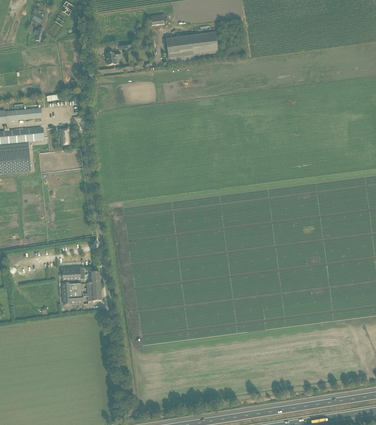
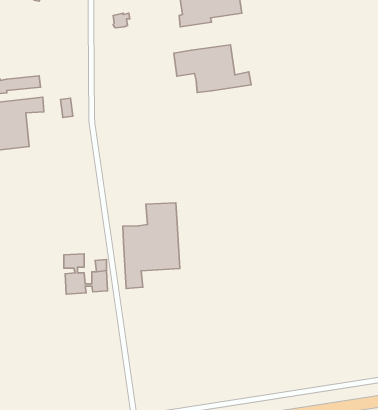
building: none -> [174,45,251,93]
building: none -> [123,203,180,289]

